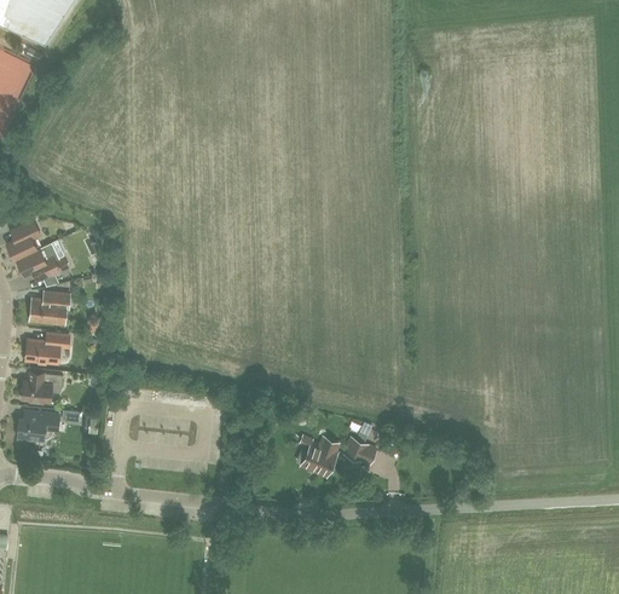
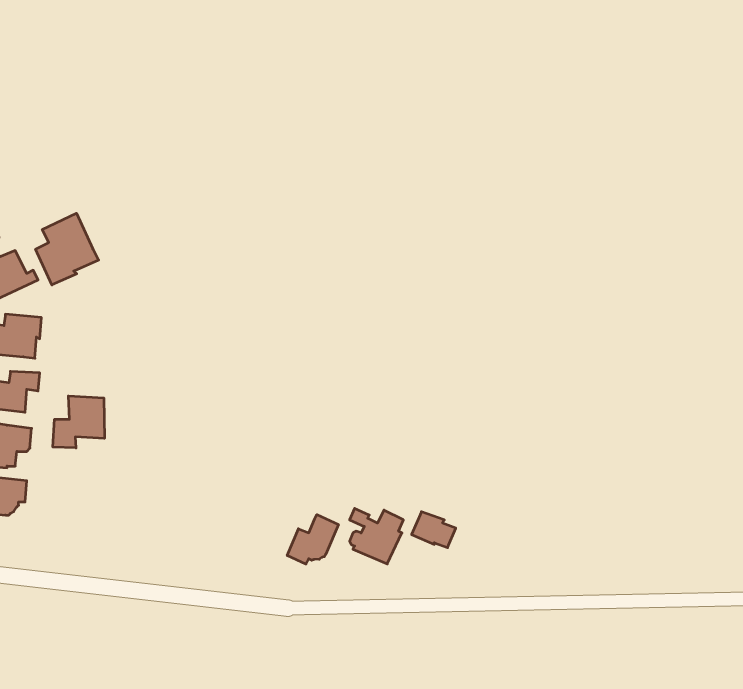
building: none -> [36,213,99,285]
building: none -> [53,396,104,448]
building: none -> [287,515,338,564]

